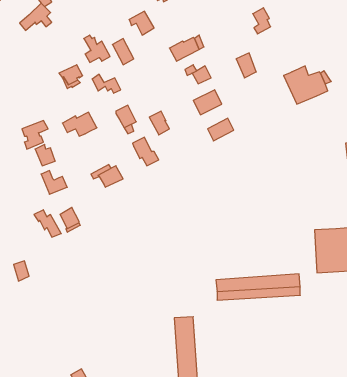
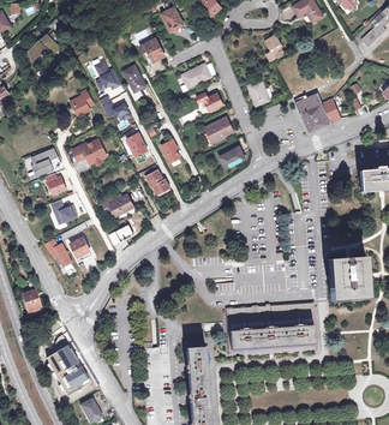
building: none -> [229,324,315,349]
building: none -> [46,334,90,394]

